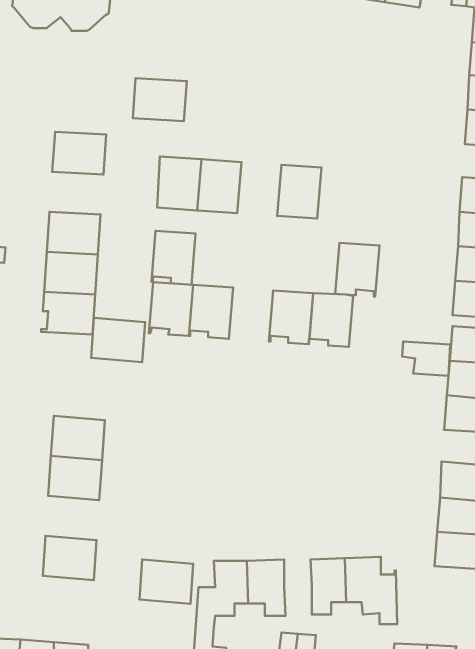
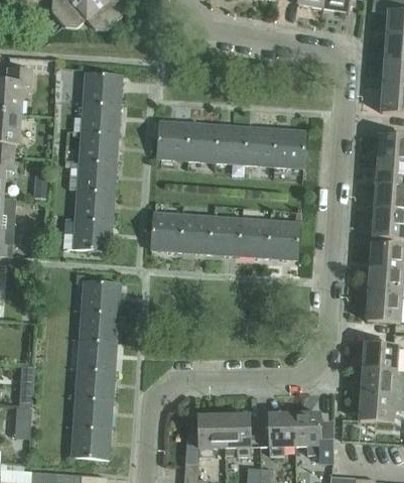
building: [133,78,187,121] -> [82,73,121,104]
building: none -> [215,124,247,163]
building: none -> [78,131,117,162]
building: [151,231,196,285] -> [209,216,241,255]
building: [335,243,379,297] -> [273,128,305,167]
building: [91,318,145,362] -> [81,280,120,313]
building: [402,342,450,376] -> none
building: none -> [75,368,114,400]
building: [139,560,193,604] -> [71,427,110,459]

